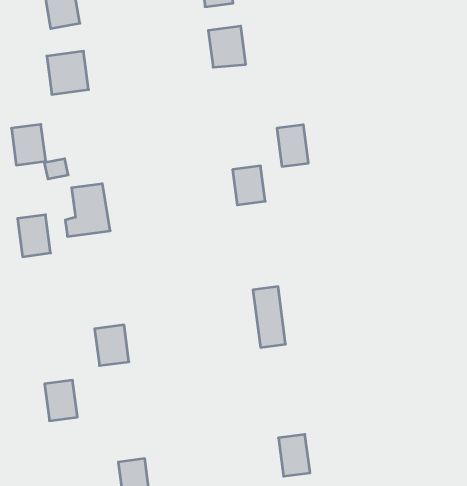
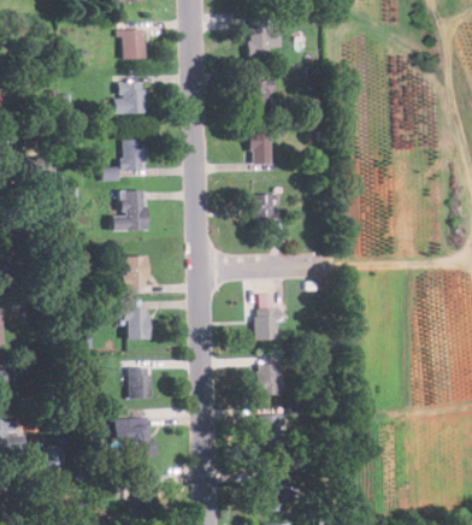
building: [11,124,46,165] -> [122,140,146,170]
building: [277,125,308,166] -> [250,134,272,165]
building: [18,215,51,257] -> [125,254,148,285]
building: none -> [258,364,282,394]
building: [45,380,77,421] -> [129,367,152,397]

